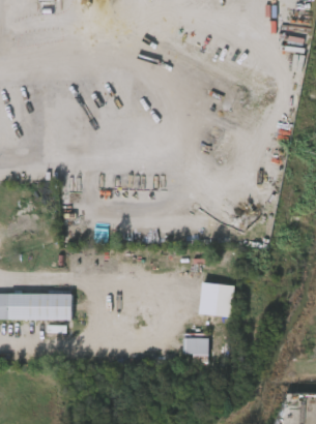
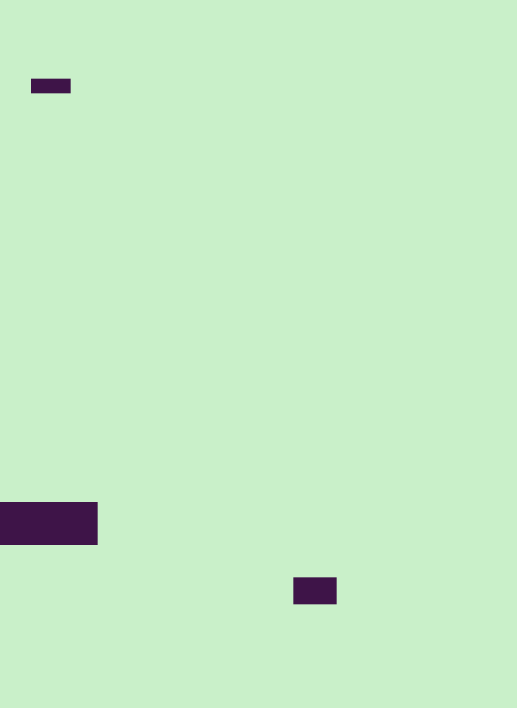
building: [200,282,235,317] -> none

